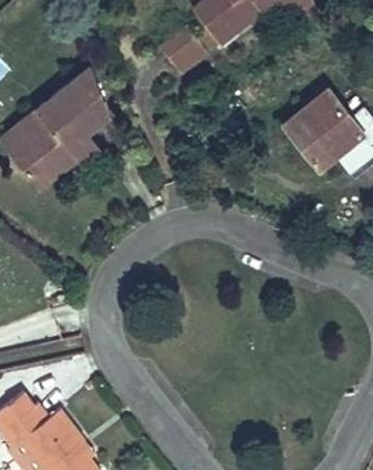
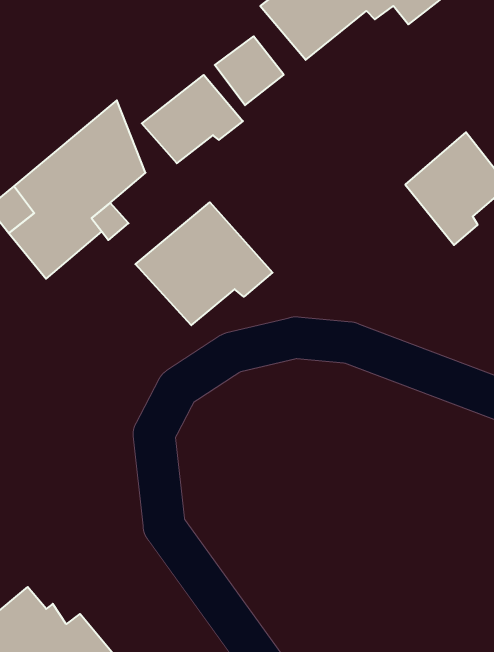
building: none -> [142,75,243,163]
building: none -> [135,202,273,325]

